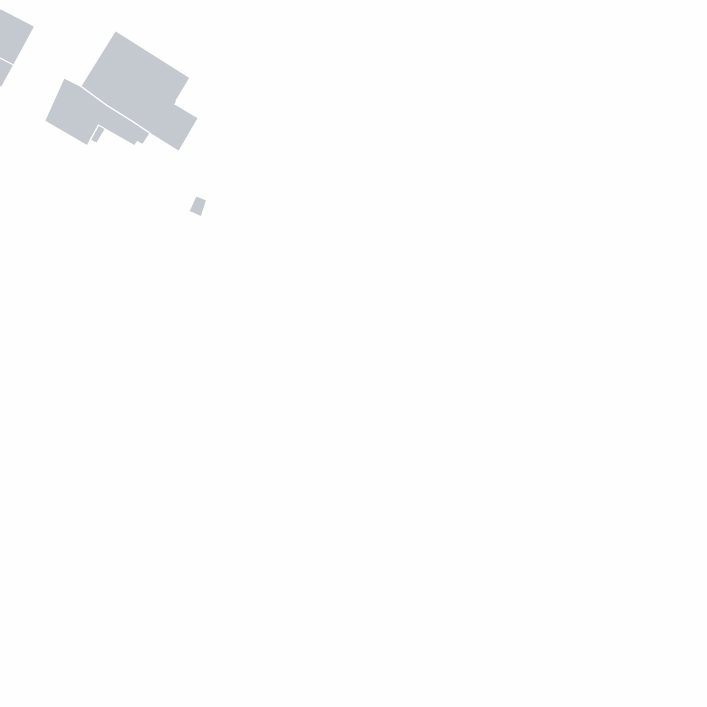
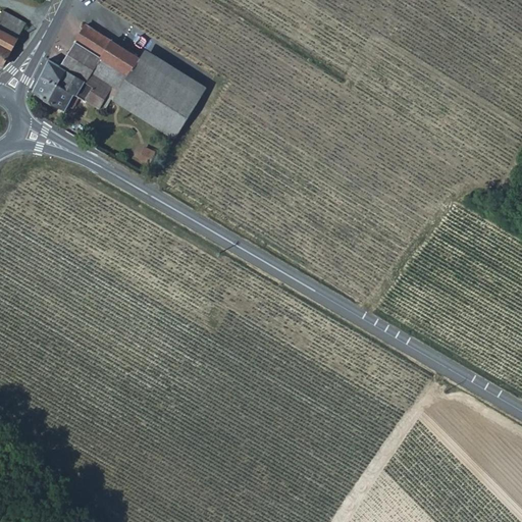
building: none -> [128,57,201,138]

